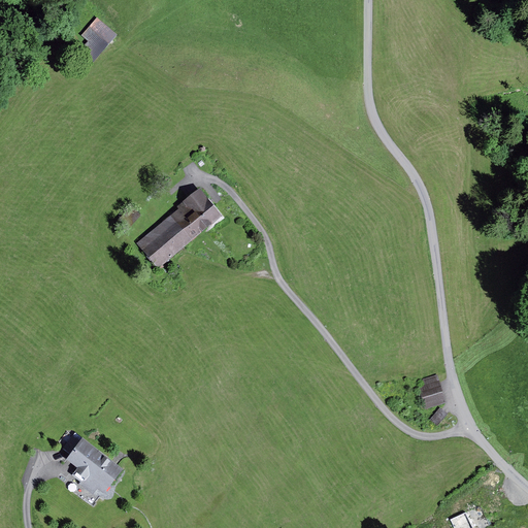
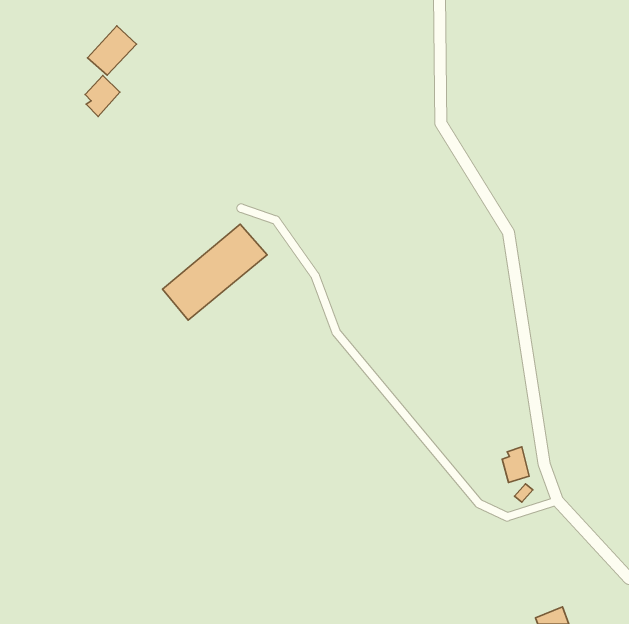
building: none -> [85,76,120,116]
building: [62,439,121,492] -> none

